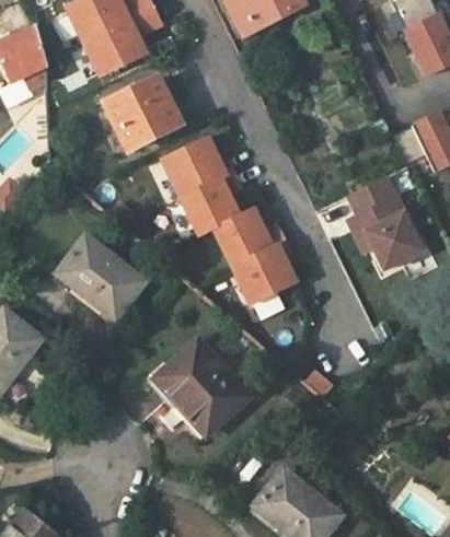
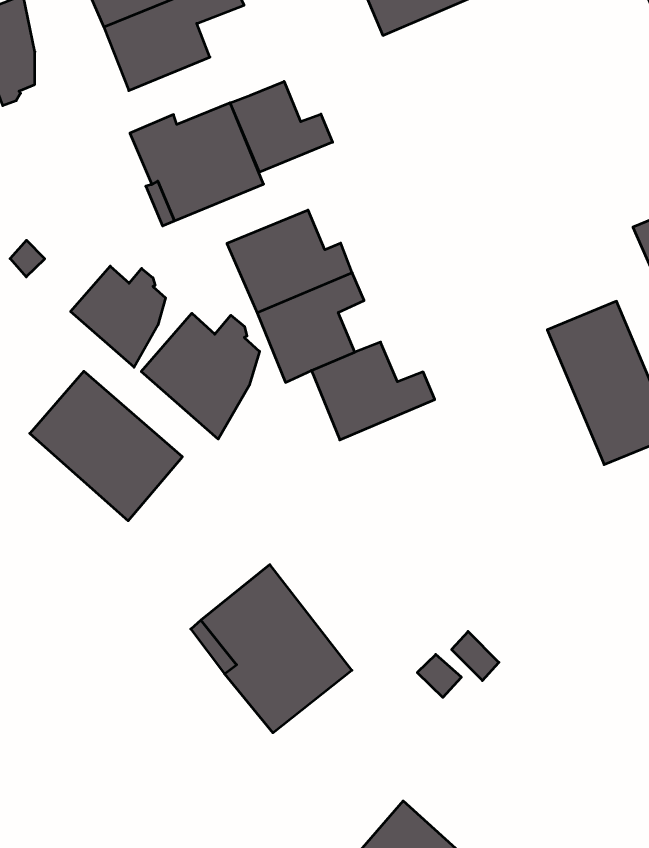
building: none -> [230,81,333,172]
building: none -> [71,266,166,367]
building: none -> [141,313,260,439]
building: [233,240,296,303] -> none

